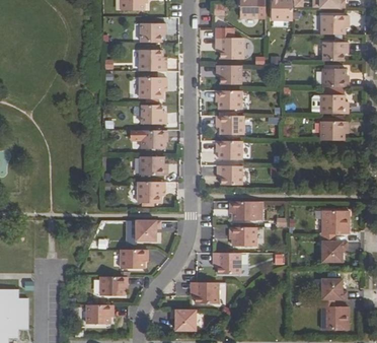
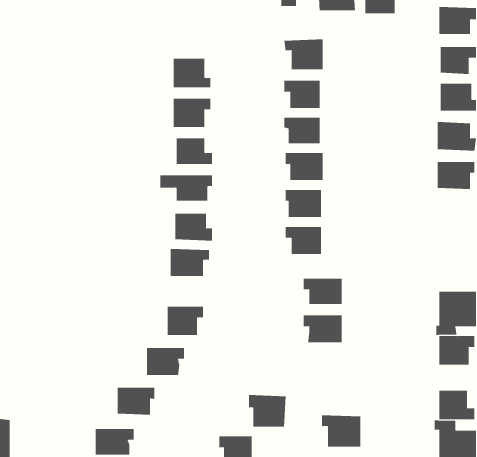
building: [140,22,165,42] -> none
building: [213,252,240,274] -> [321,415,361,447]

